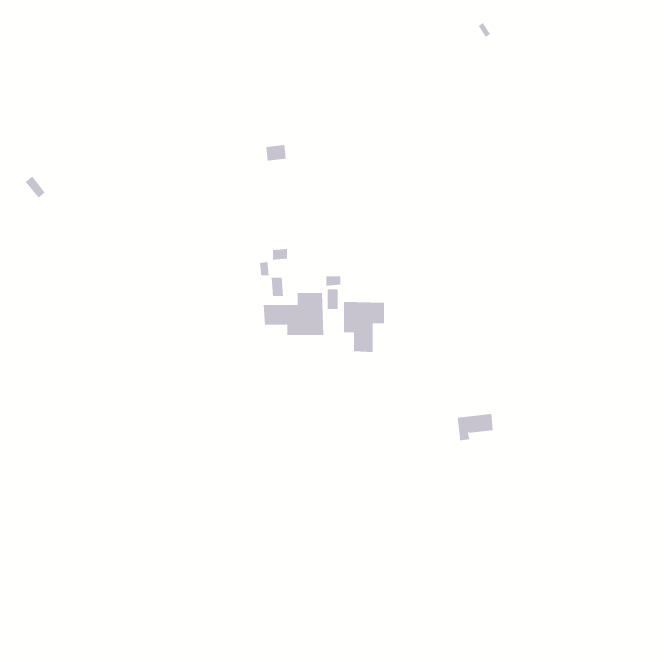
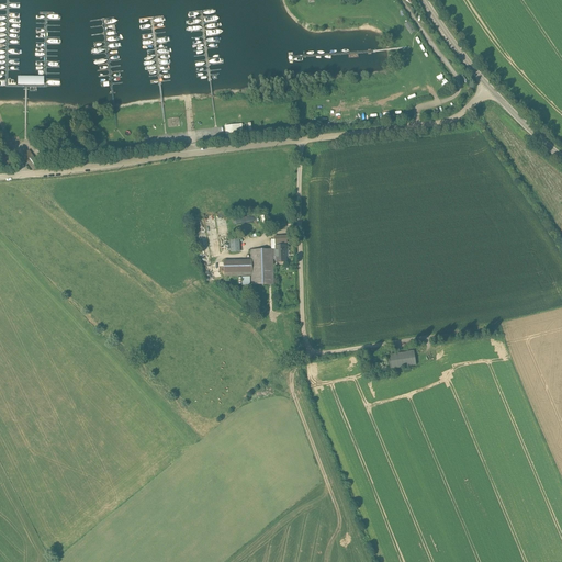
building: [344,301,384,353] -> none

